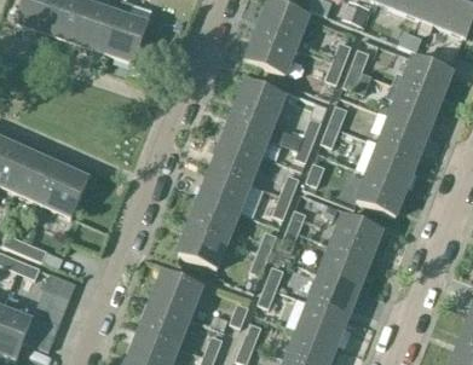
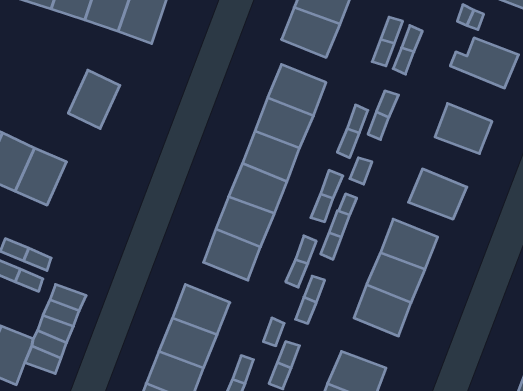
building: [387,81,439,129] -> none
building: [368,143,417,186] -> none
building: [42,164,87,215] -> [68,70,120,129]
building: [298,300,347,343] -> none

